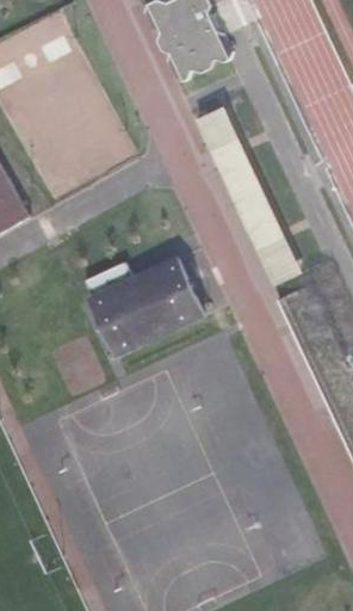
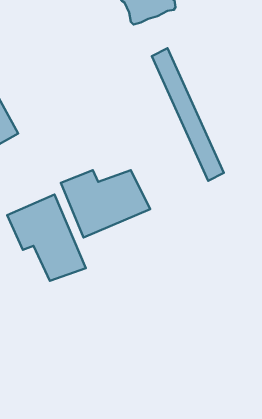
building: none -> [7,195,86,281]

